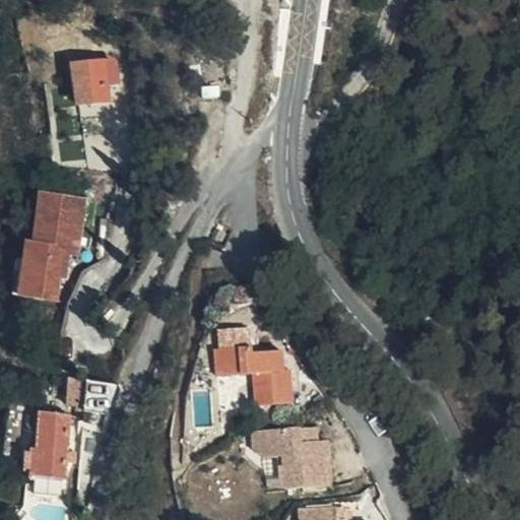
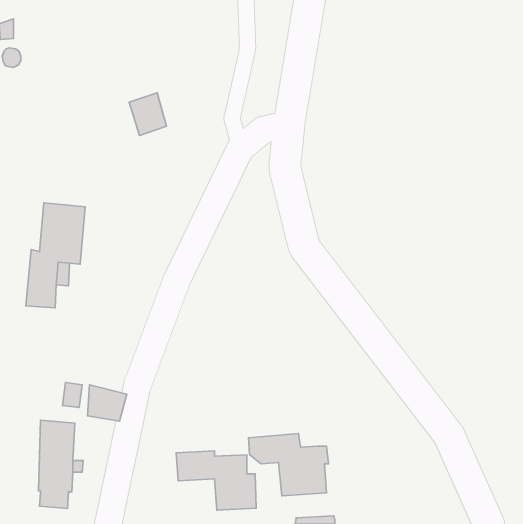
building: [66,65,103,107] -> [129,93,166,136]
building: [206,343,284,401] -> [176,451,256,510]

